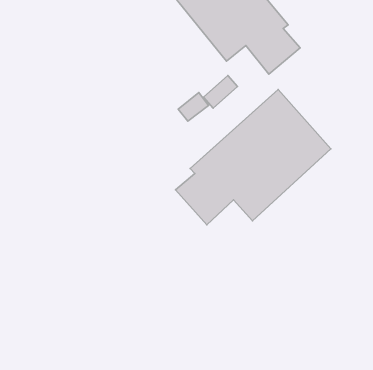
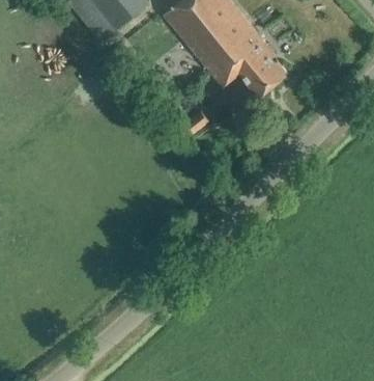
building: [176,89,331,225] -> none

